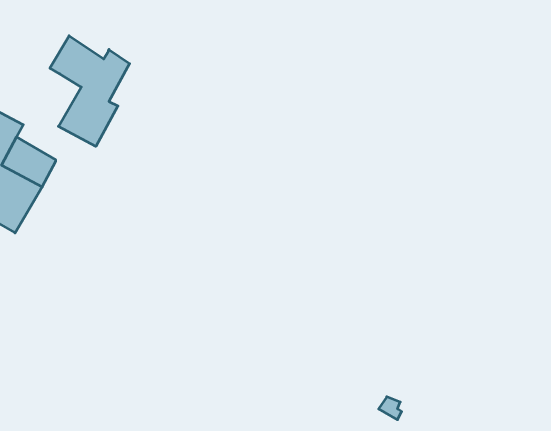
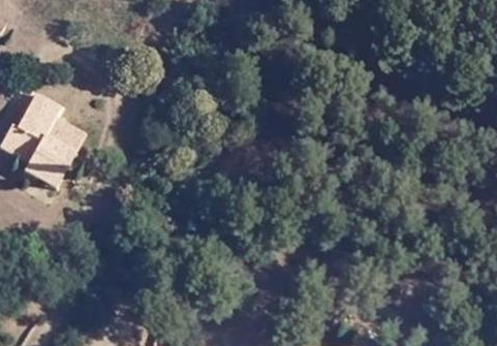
building: [50,36,130,146] -> none

